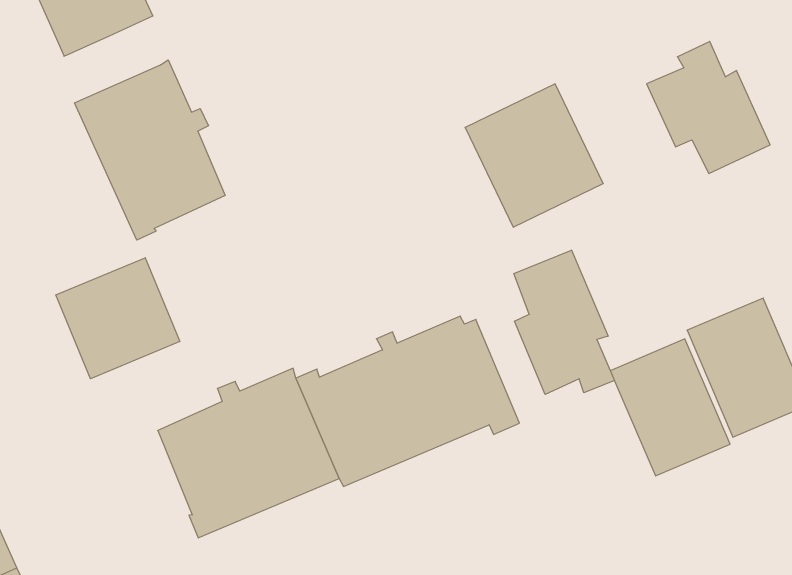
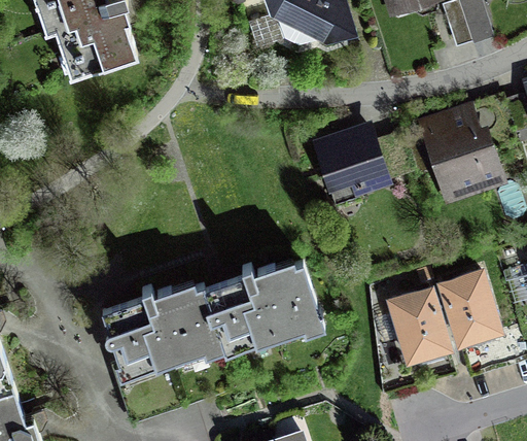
building: [75,60,225,240] -> none
building: [514,250,614,394] -> none
building: [56,258,180,379] -> none

